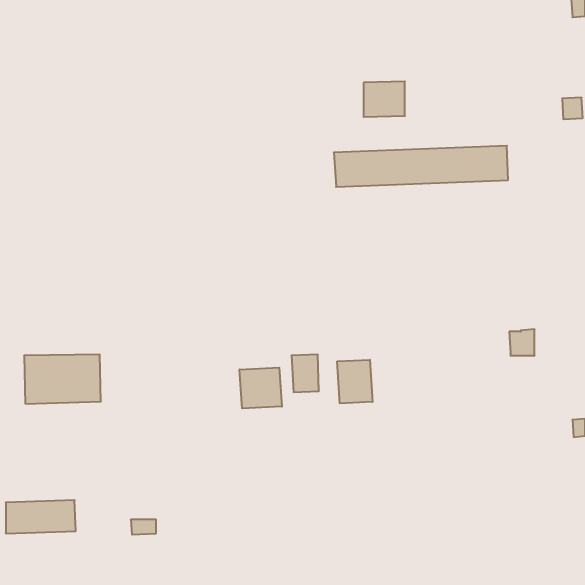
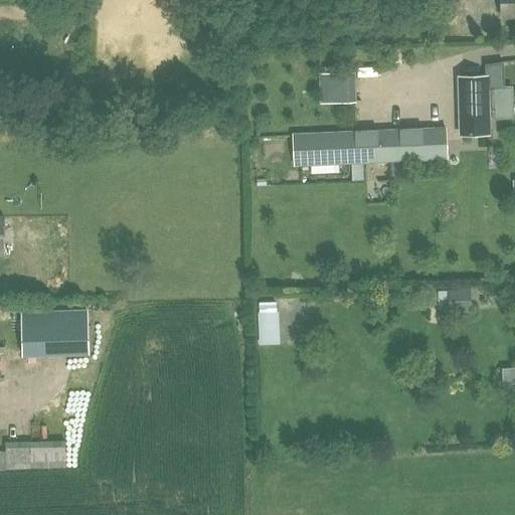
building: none -> [458,75,489,135]
building: [337,360,373,403] -> none
building: [240,368,282,408] -> none

